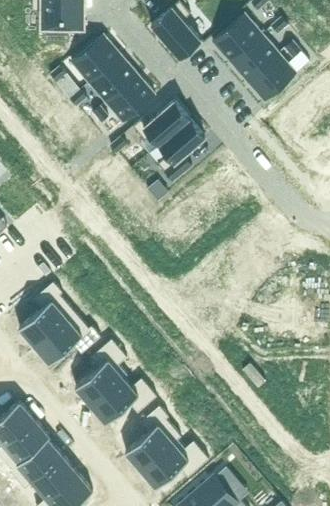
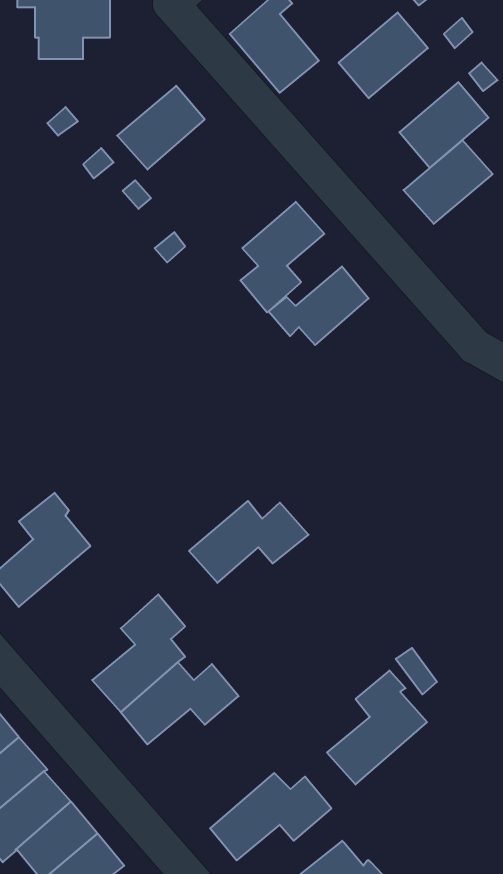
building: [229,34,279,81] -> [403,140,493,224]
building: [71,35,121,83] -> none
building: [105,74,155,122] -> none
building: [132,102,188,146] -> [269,266,369,345]
building: [33,319,100,365] -> [189,501,309,583]
building: [124,407,180,471] -> [327,670,427,785]

